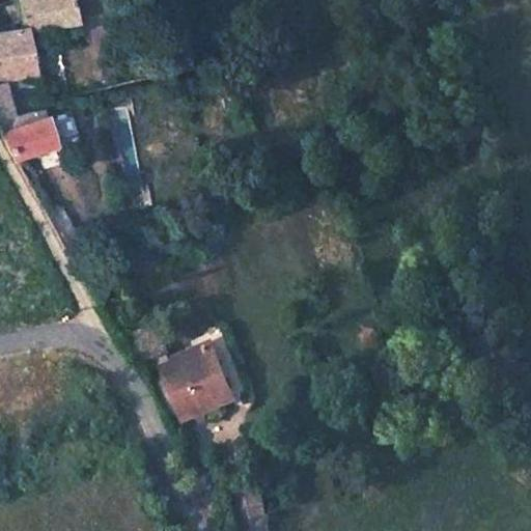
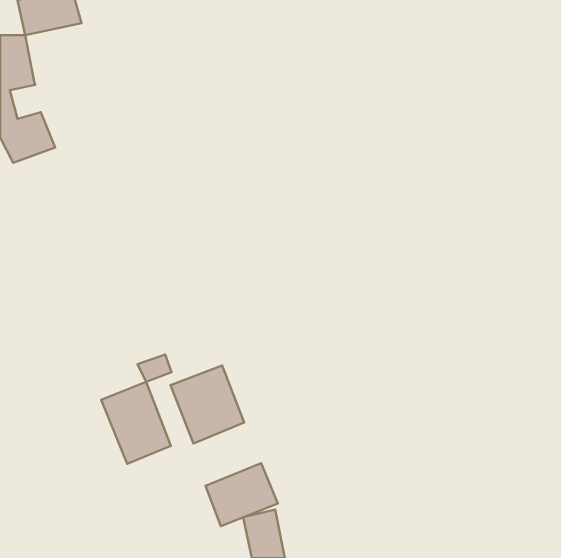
building: none -> [101,382,171,464]
building: none -> [206,463,278,526]

